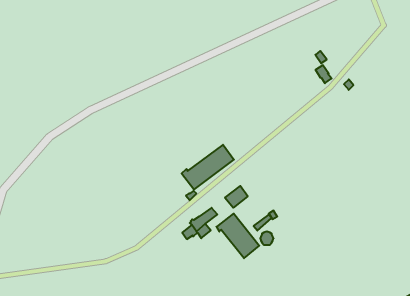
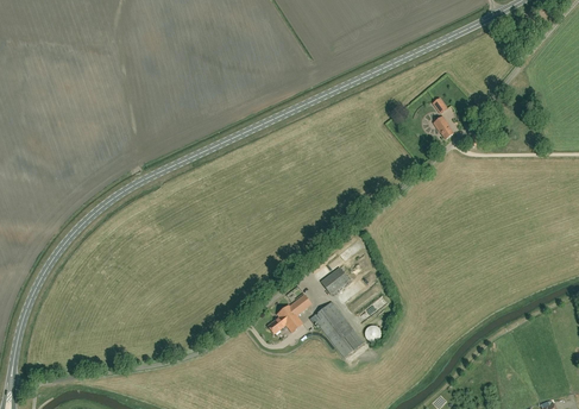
building: [182,145,234,190] -> none

